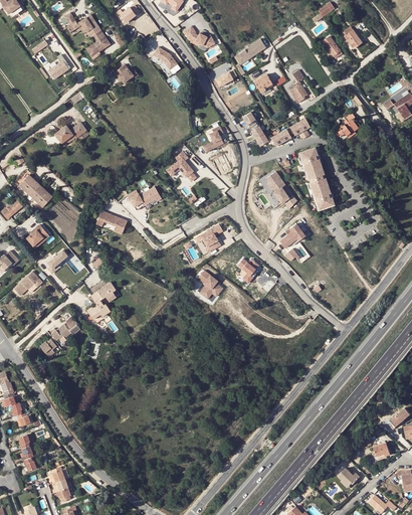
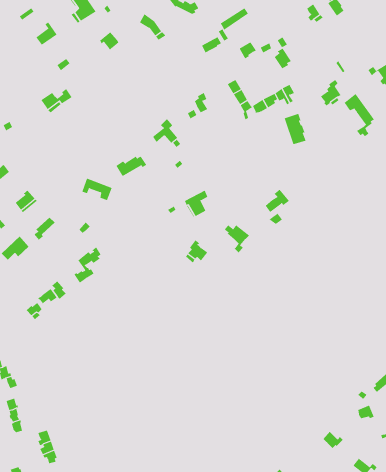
building: none -> [344,93,375,137]
building: [267,171,296,208] -> none
building: [19,175,52,207] -> none
building: [310,178,334,209] -> none

